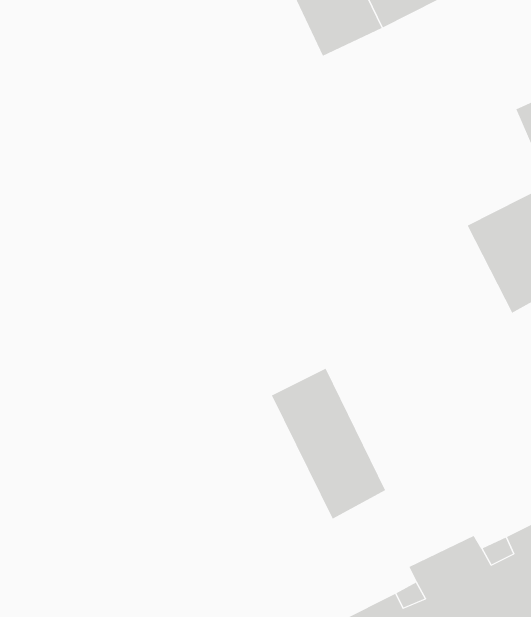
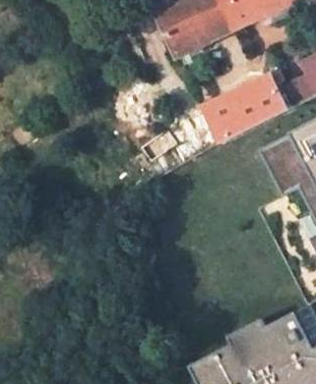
building: none -> [203,70,289,142]
building: [271,368,386,520] -> none

